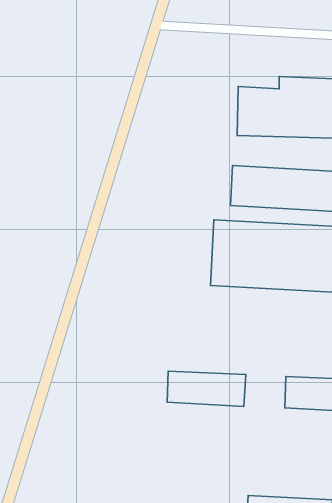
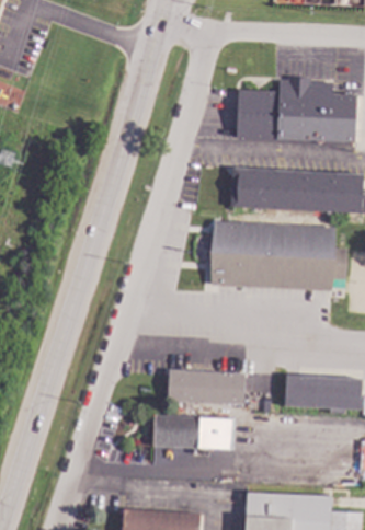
building: none -> [152,414,235,450]

